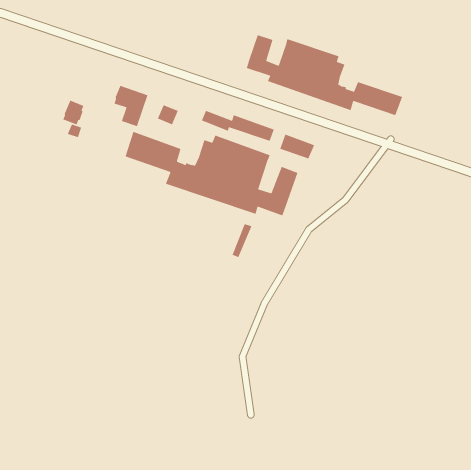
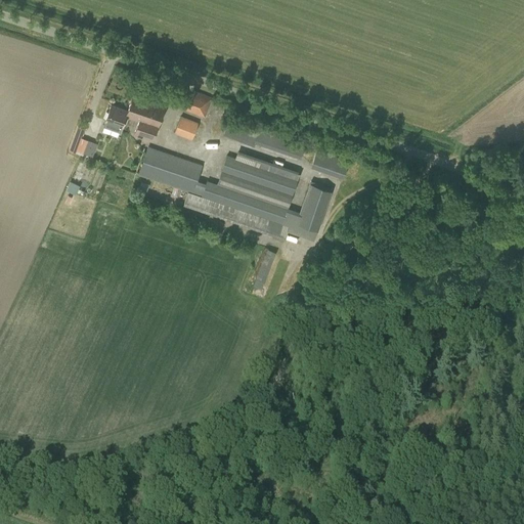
building: [246,34,403,116] -> none
building: none -> [184,90,213,119]
building: [62,100,86,125] -> [103,104,130,133]

